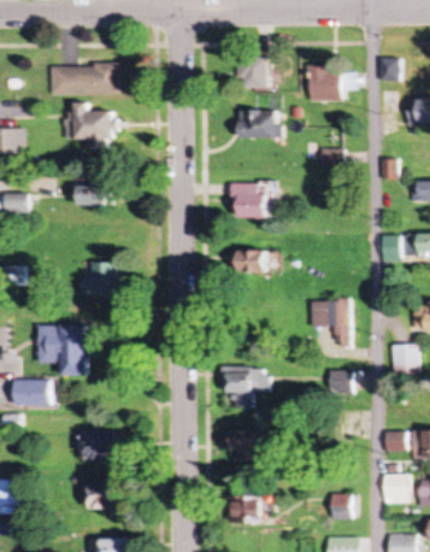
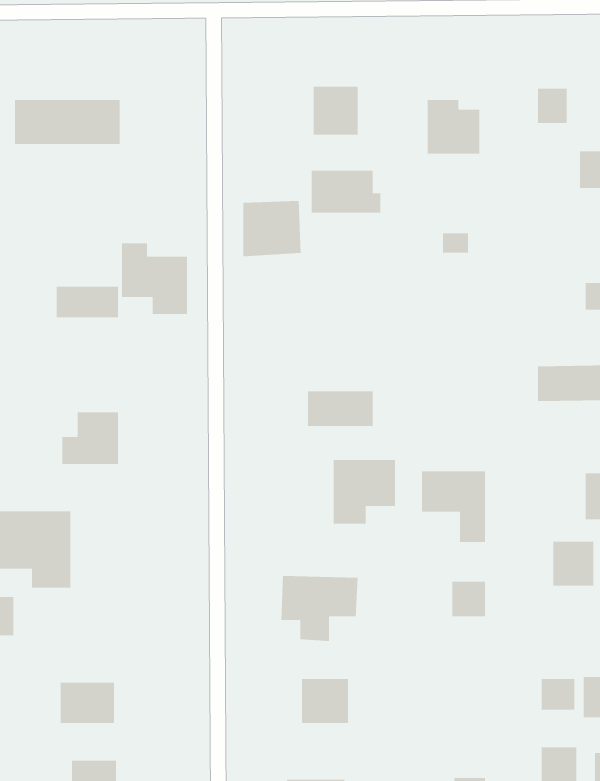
building: [71,102,113,148] -> [121,242,188,315]
building: [230,182,267,218] -> [243,200,301,257]
building: none -> [333,459,396,524]

